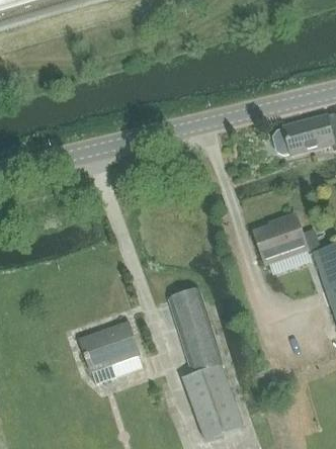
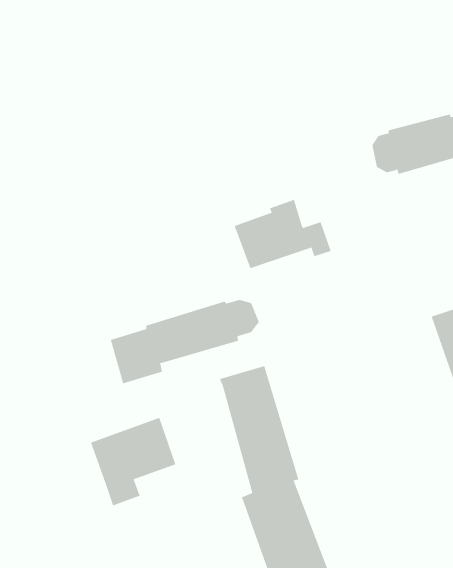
building: [254,214,321,262] -> [234,199,331,269]
building: none -> [110,299,259,384]

